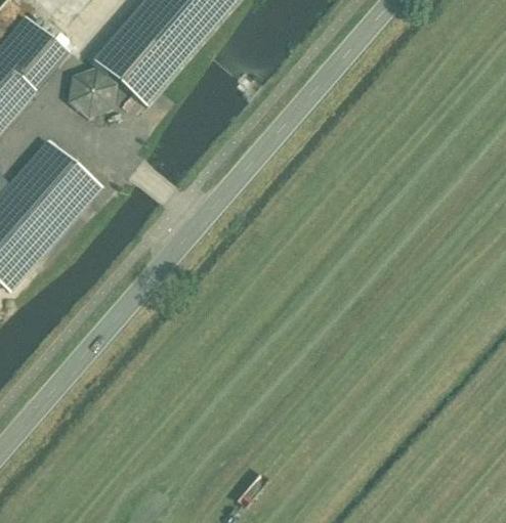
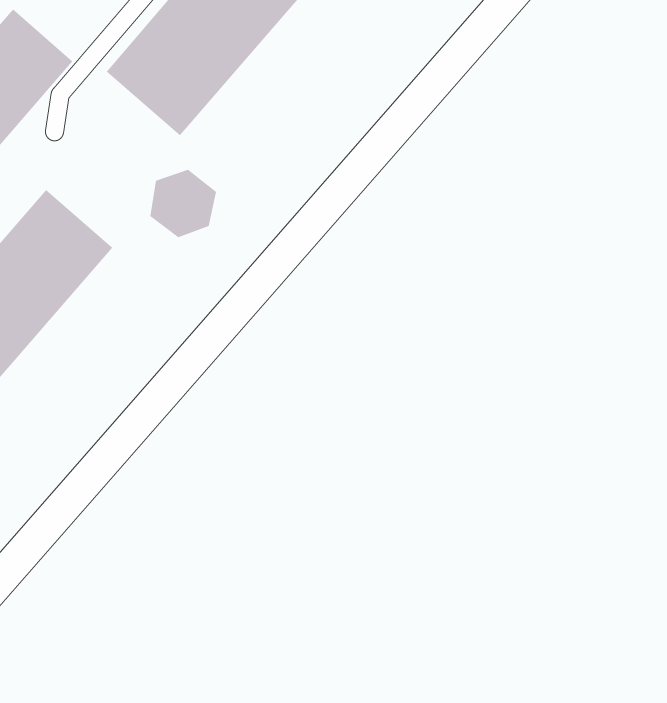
building: [70,67,118,116] -> [149,169,217,238]

